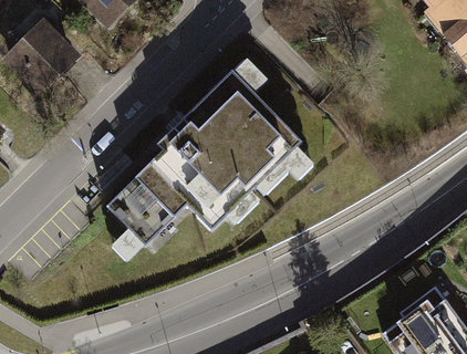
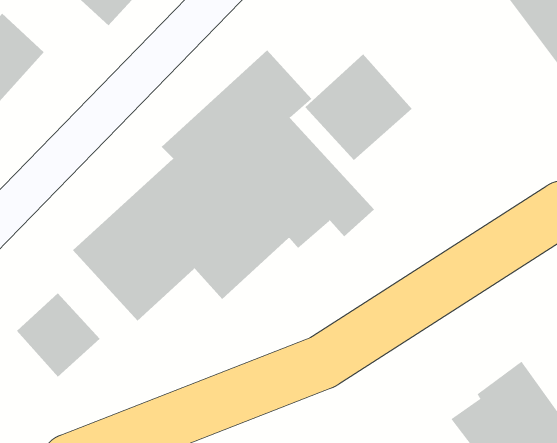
building: none -> [305,54,413,161]
building: none -> [16,292,101,377]

